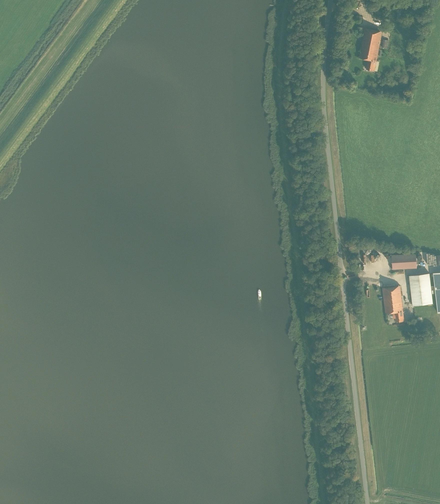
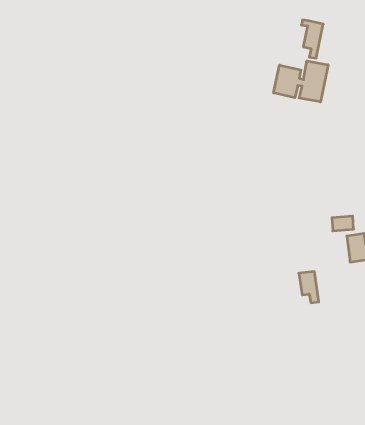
building: none -> [274,61,328,102]
building: [381,287,404,323] -> [299,272,319,303]

